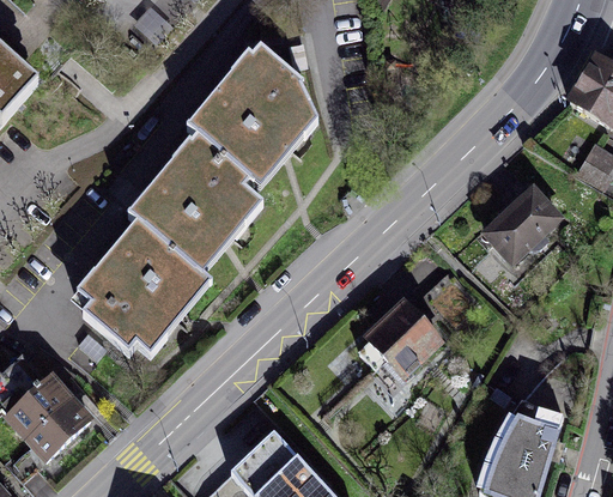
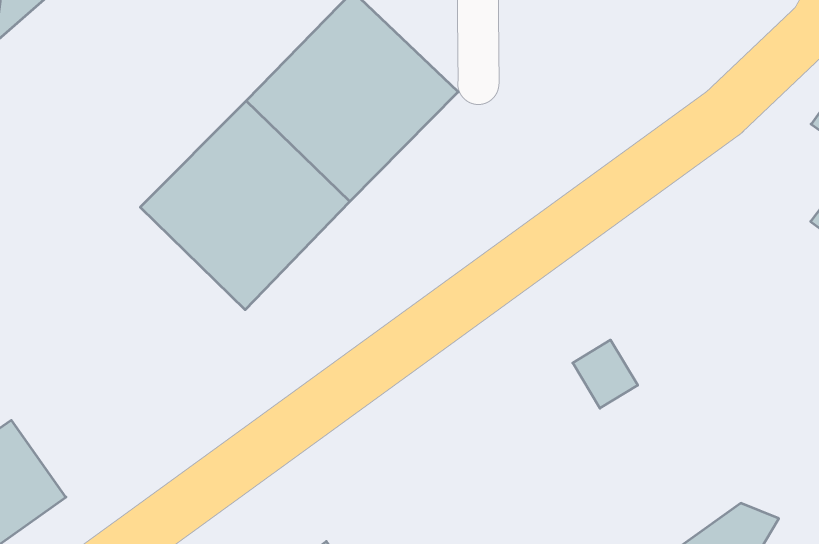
building: [486,182,569,263] -> none
building: [59,220,196,357] -> none
building: [369,301,451,382] -> none

